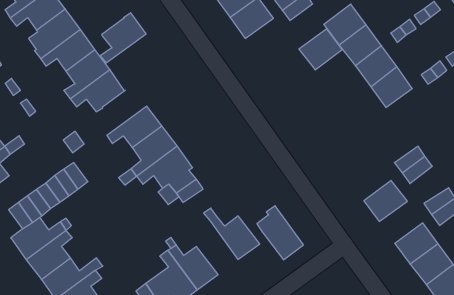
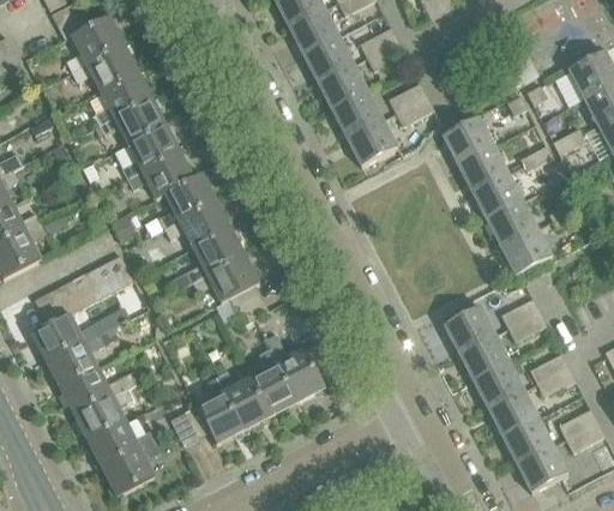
building: [100,13,146,63] -> [159,173,218,228]
building: [299,29,342,70] -> [348,119,399,166]
building: none -> [502,228,553,275]
building: none -> [445,305,495,353]
building: none -> [474,361,525,409]
building: [257,206,303,260] -> [247,348,299,414]

